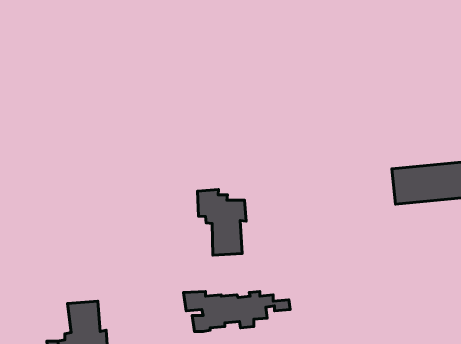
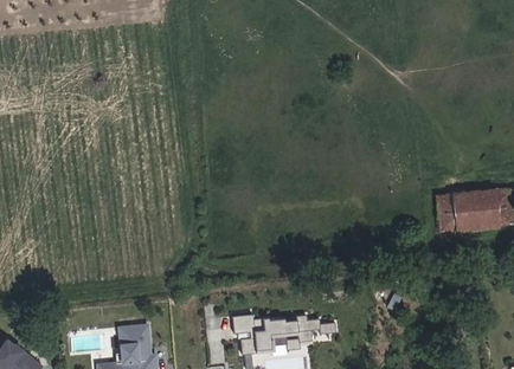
building: [198,189,246,255] -> none

